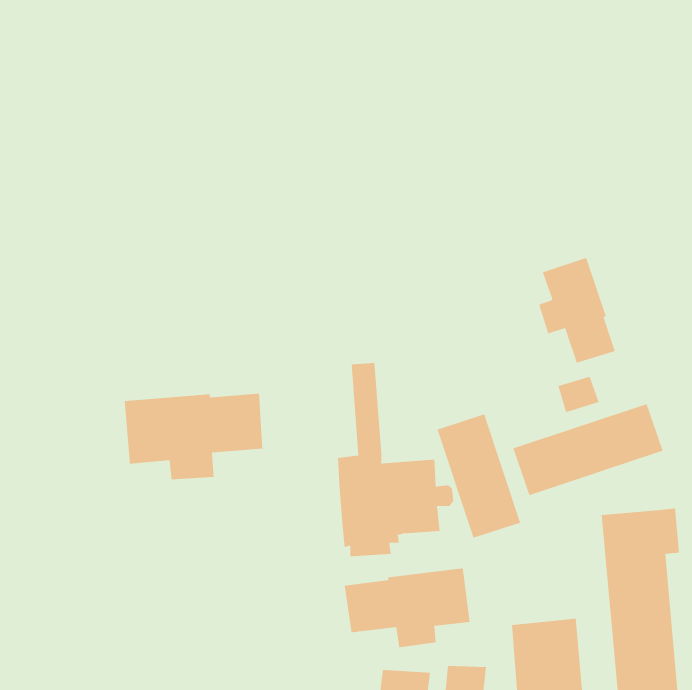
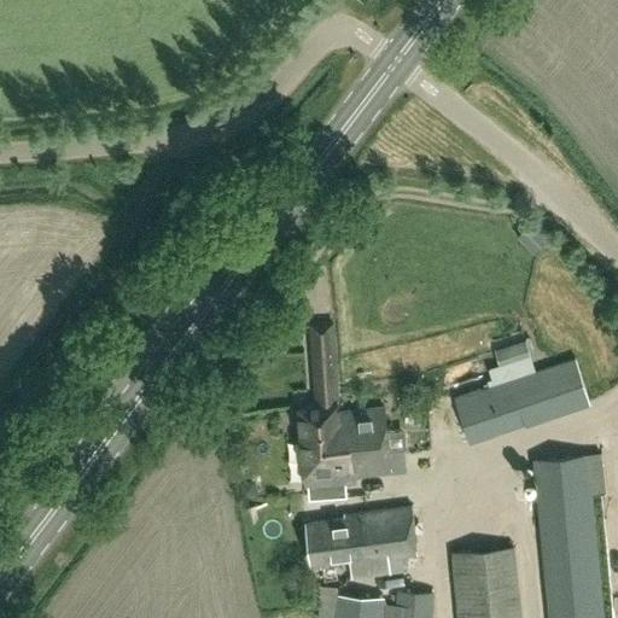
building: [539,257,616,364] -> none
building: [124,393,263,480] -> none
building: [437,414,521,539] -> none

